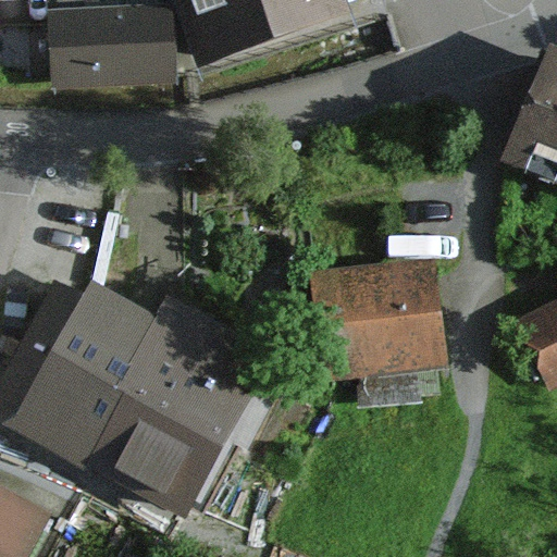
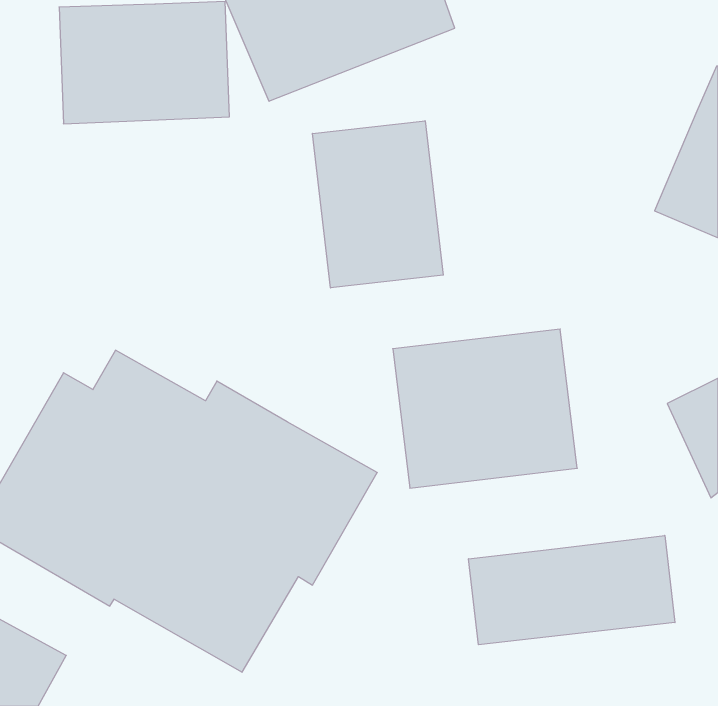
building: none -> [312,121,443,288]
building: none -> [469,535,675,645]

